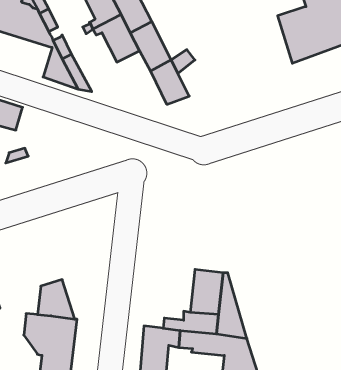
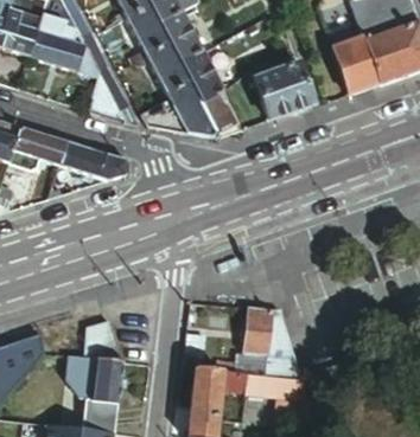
building: none -> [256,60,313,116]
building: none -> [141,79,217,135]
building: none -> [59,139,128,179]

